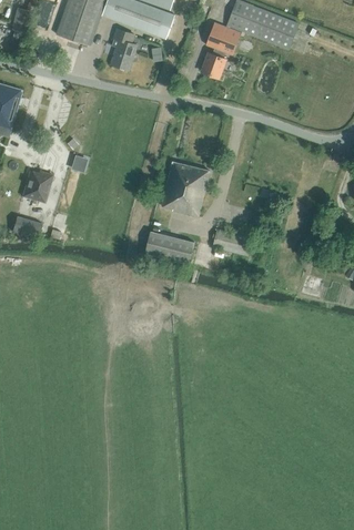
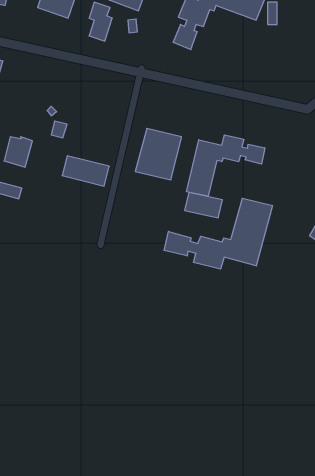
building: none -> [187,135,265,196]
building: [144,232,194,264] -> [62,156,109,186]
building: none -> [164,198,273,269]

